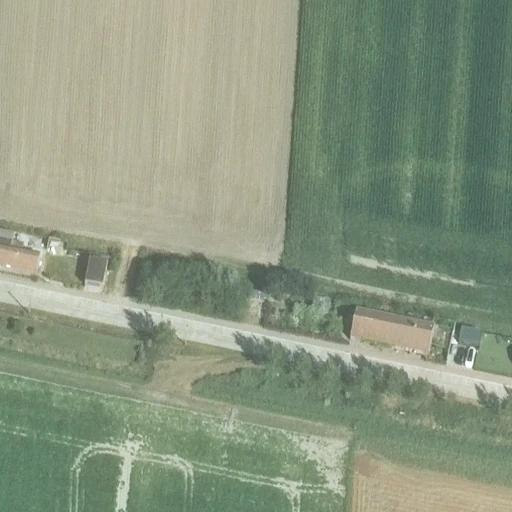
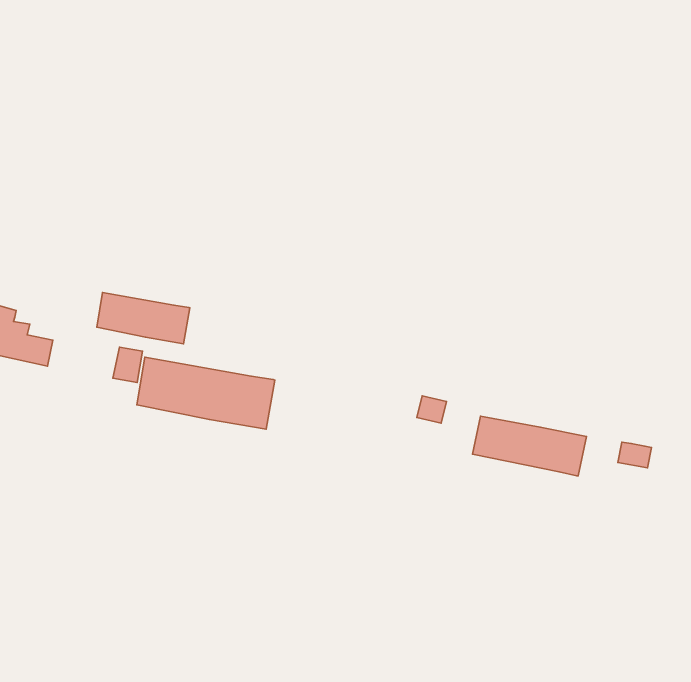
building: none -> [97,293,190,344]
building: none -> [137,357,275,429]

